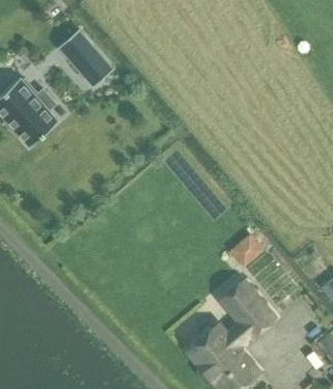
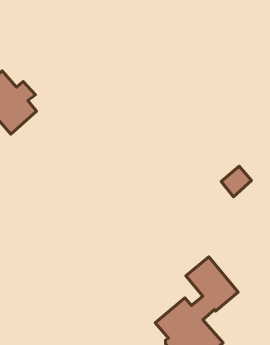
building: [58,29,113,86] -> none
building: [229,234,262,268] -> [221,166,252,197]

